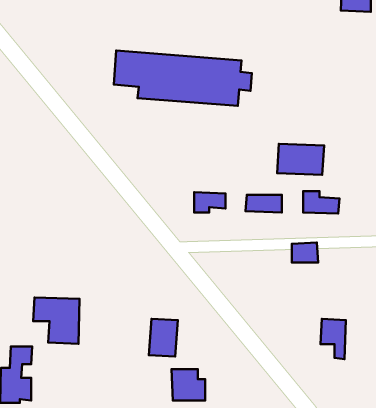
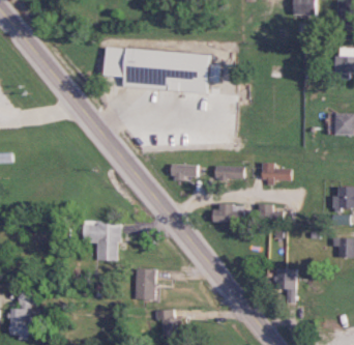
building: [277,144,324,175] -> none
building: none -> [213,204,242,221]
building: [33,297,80,344] -> [81,223,119,261]

